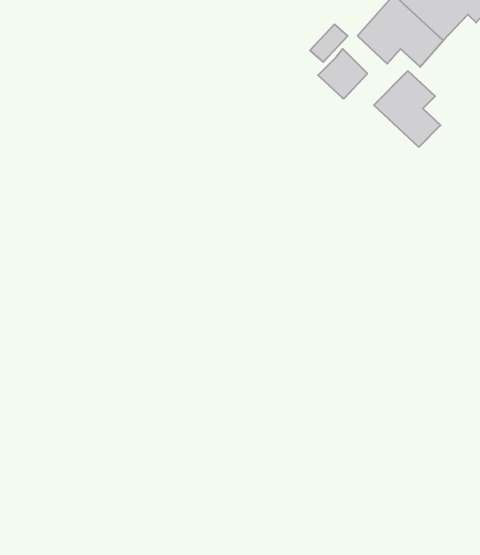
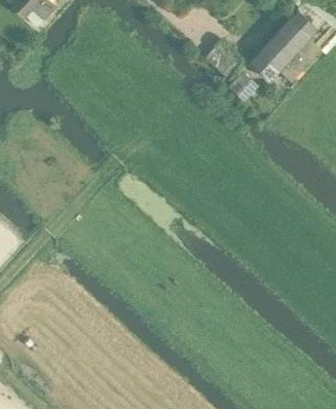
building: [374,71,441,147] -> none

